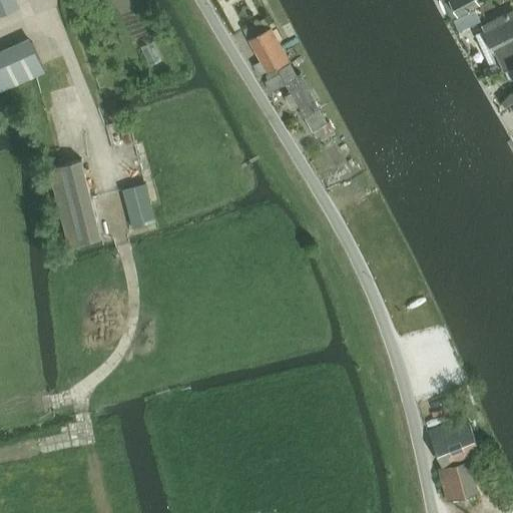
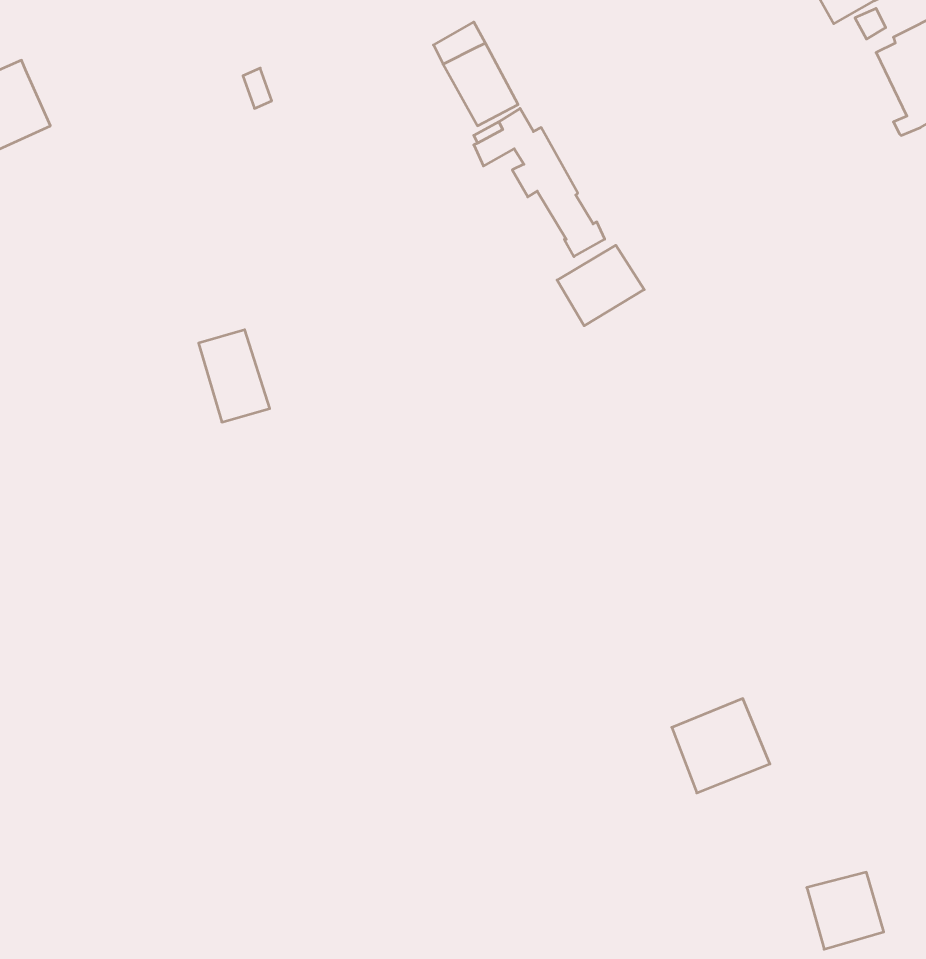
building: none -> [557,245,644,326]
building: [50,166,102,248] -> none
building: [429,417,480,466] -> [672,699,770,793]

